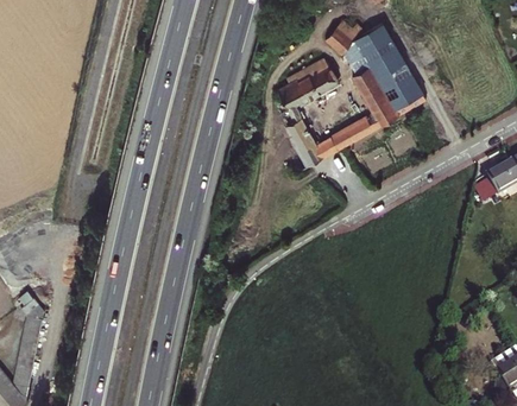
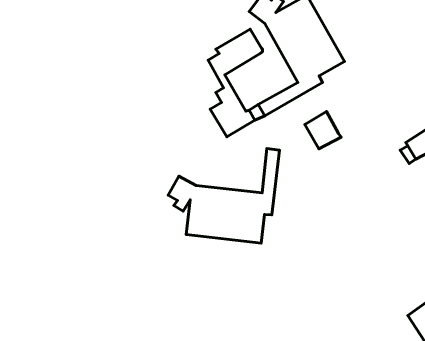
building: none -> [305,111,341,149]
building: none -> [168,149,280,243]

